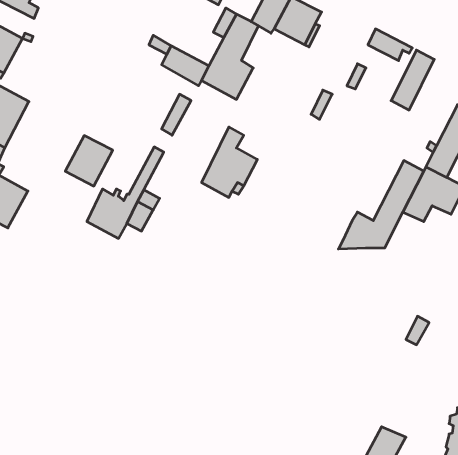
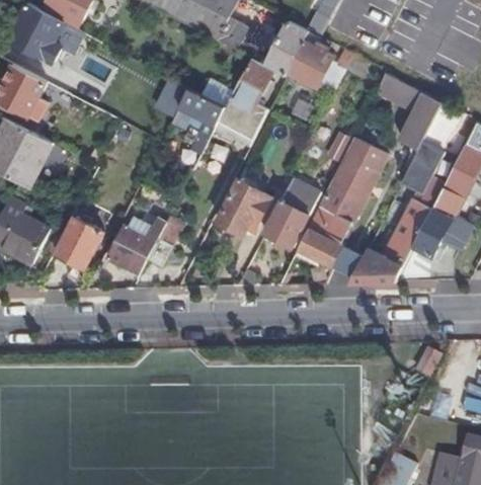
building: none -> [400,102,449,193]
building: none -> [299,139,384,276]
building: [65,136,113,186] -> [56,219,101,267]
building: none -> [263,181,317,247]

